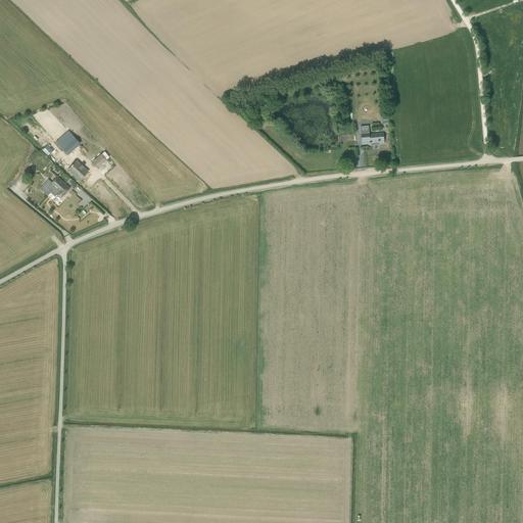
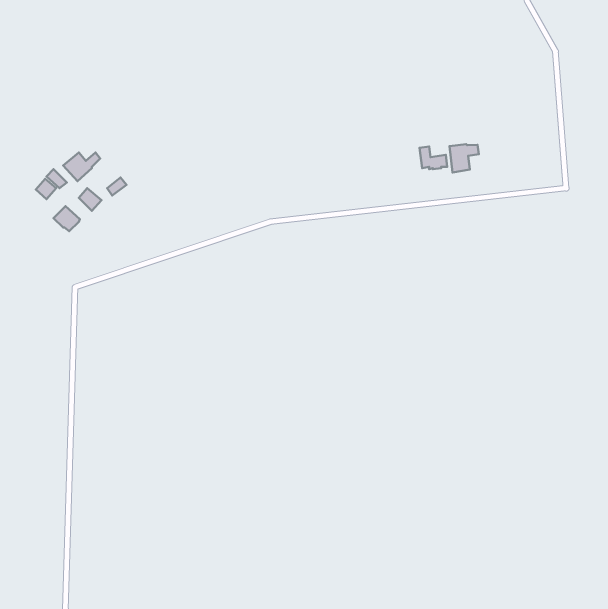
building: none -> [449,144,479,173]

